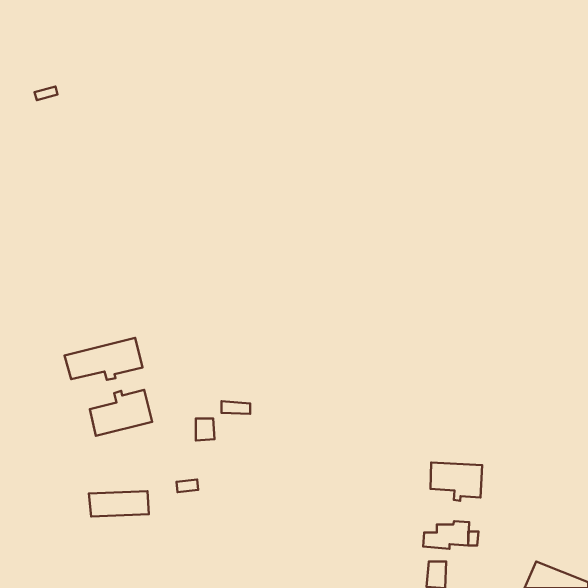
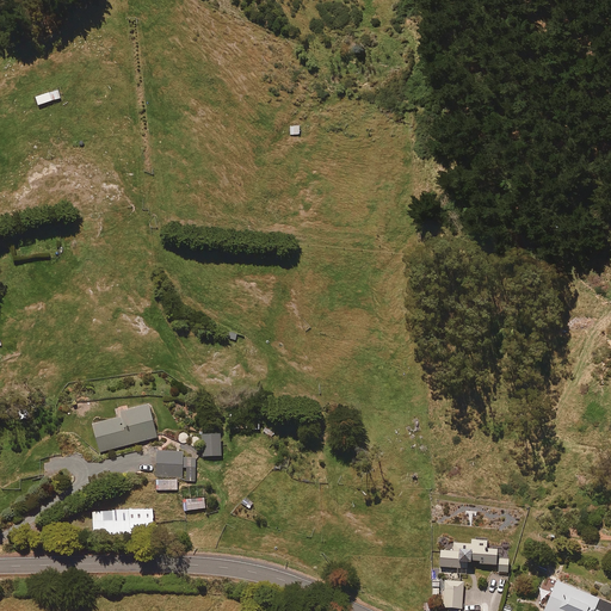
building: [64,338,142,380] -> none
building: none -> [156,451,196,489]
building: [430,463,482,501] -> none

